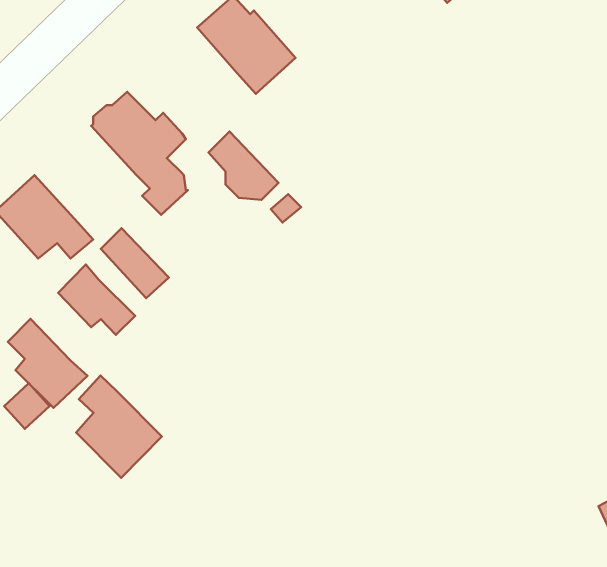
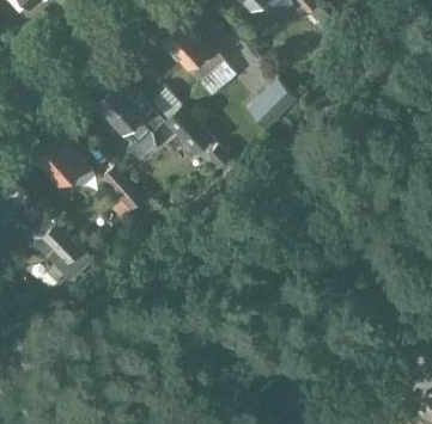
building: none -> [248,80,297,128]
building: [58,264,135,335] -> none
building: [76,376,162,478] -> none

